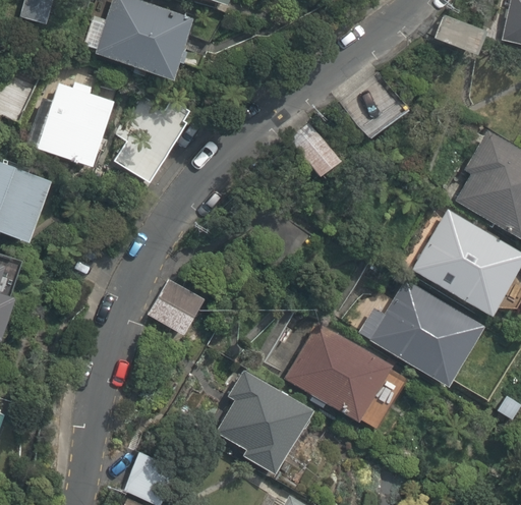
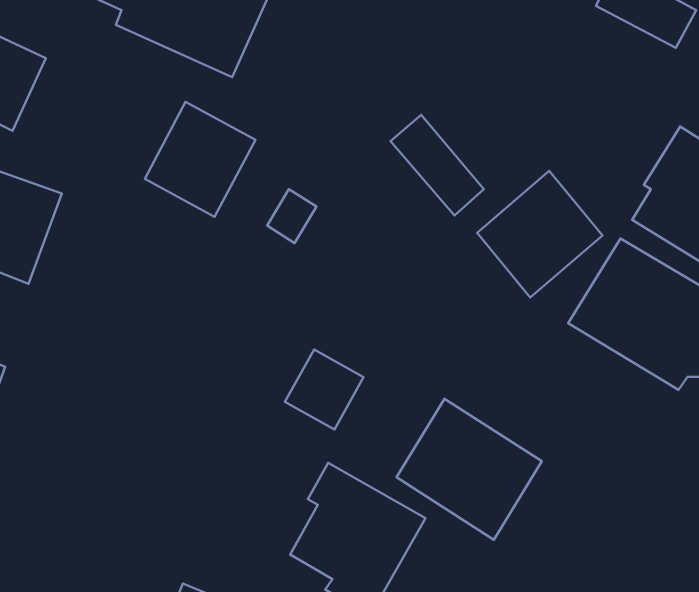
building: [36,93,120,184] -> none
building: none -> [477,171,603,298]
building: [149,277,204,333] -> [285,349,364,429]
building: [361,282,481,385] -> none

